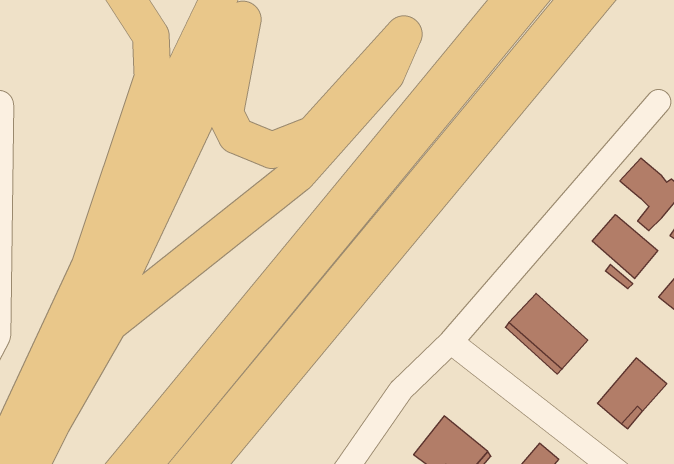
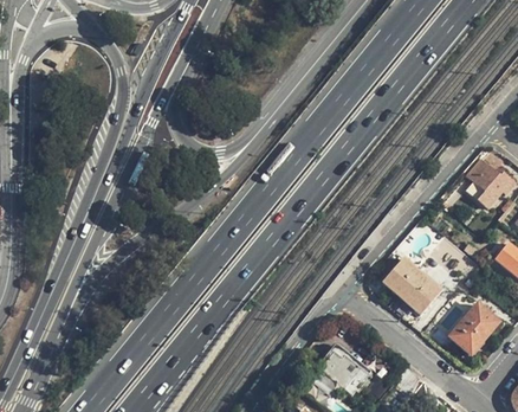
building: [592,215,658,279] -> none

